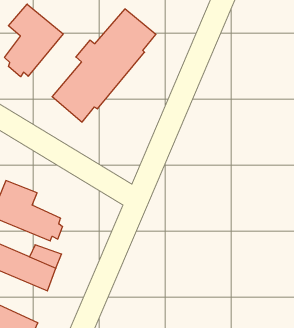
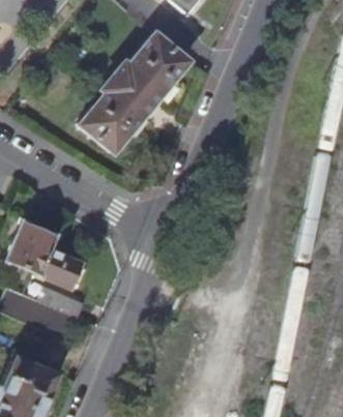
building: [5,4,63,77] -> none

